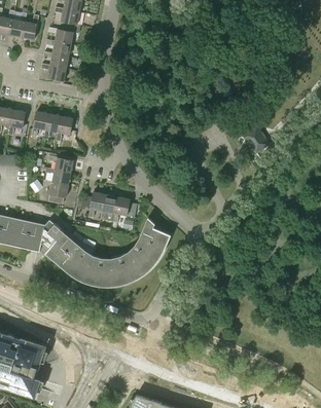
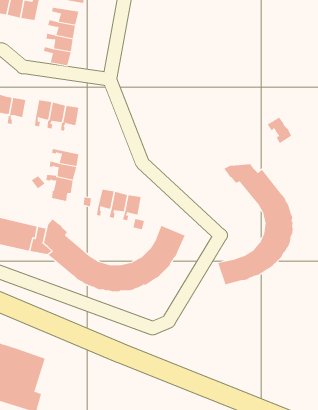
building: none -> [217,164,293,285]

